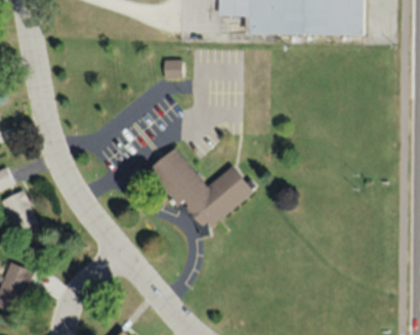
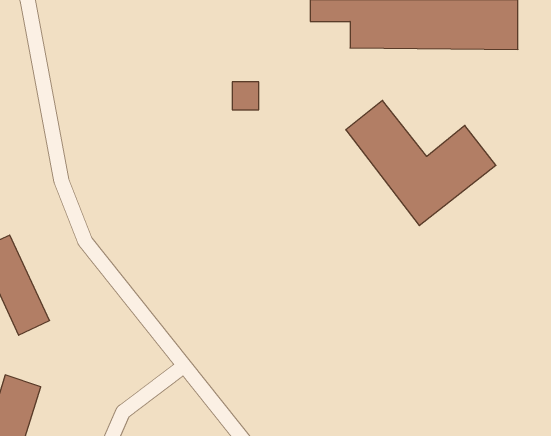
building: [150,146,254,234] -> [346,100,496,226]

